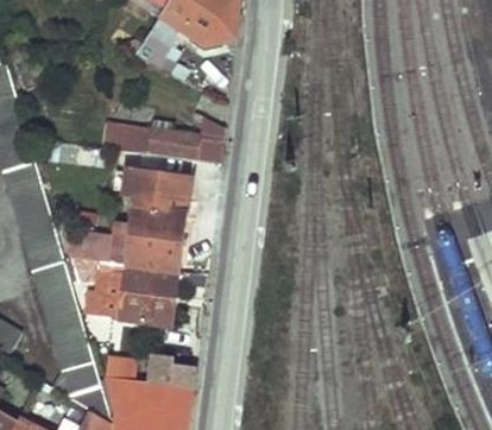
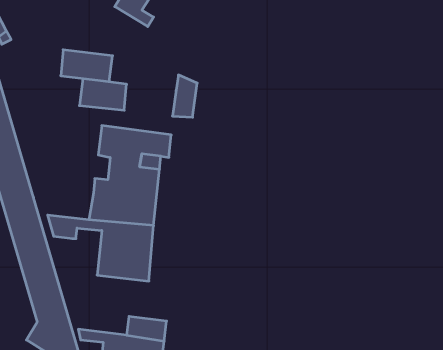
building: [150,128,202,160] -> [61,50,113,82]
building: [65,233,119,265] -> none
building: [87,273,127,321] -> none

